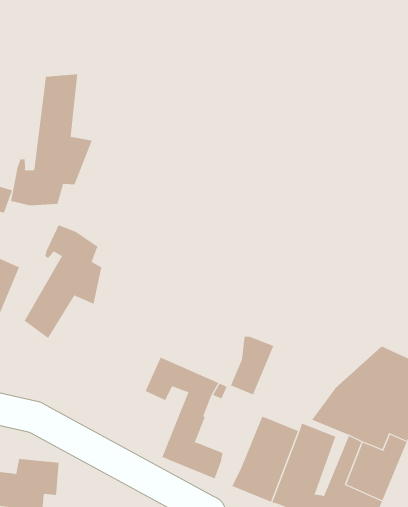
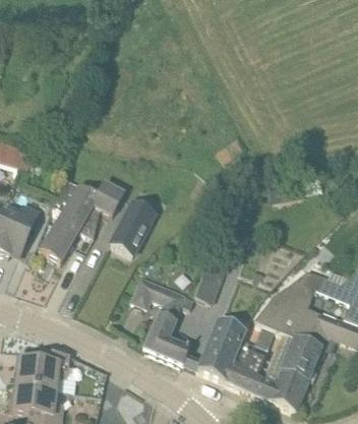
building: [11,73,92,206] -> none
building: none -> [93,180,125,217]
building: none -> [110,201,156,256]

